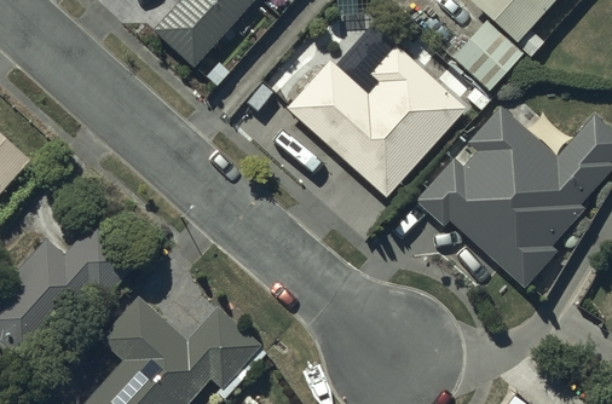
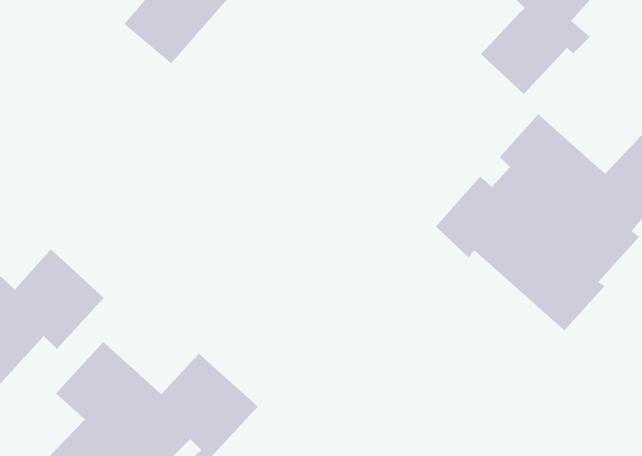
building: [287,45,467,197] -> none

